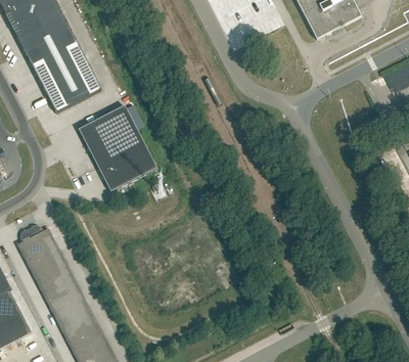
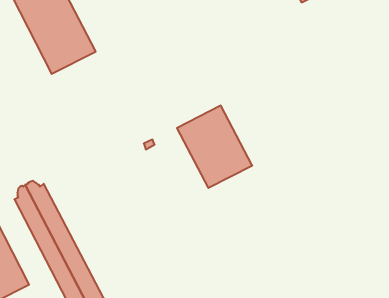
building: [78,104,156,190] -> [177,106,252,188]

